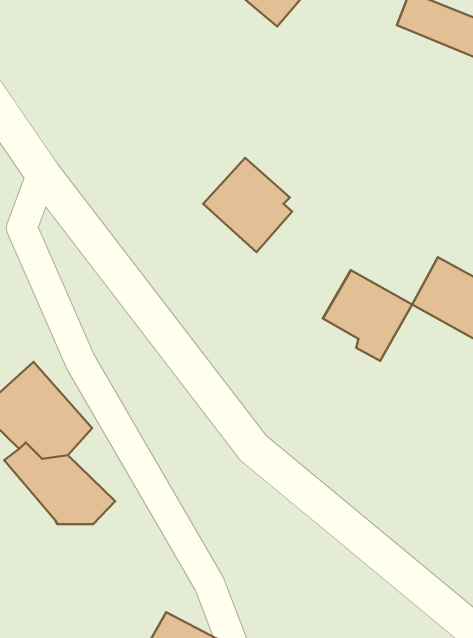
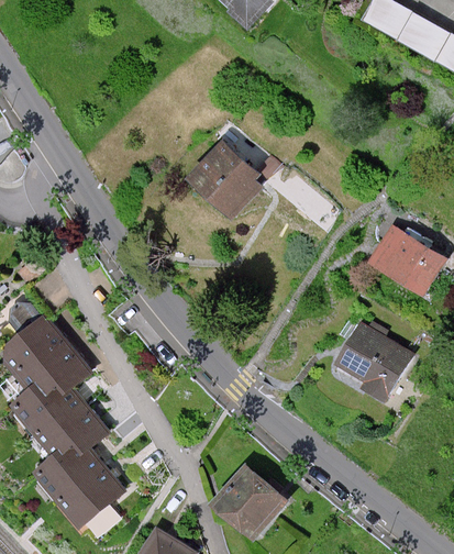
building: [323,270,412,361] -> [334,322,411,400]
building: none -> [35,450,124,527]
building: none -> [214,465,292,542]

